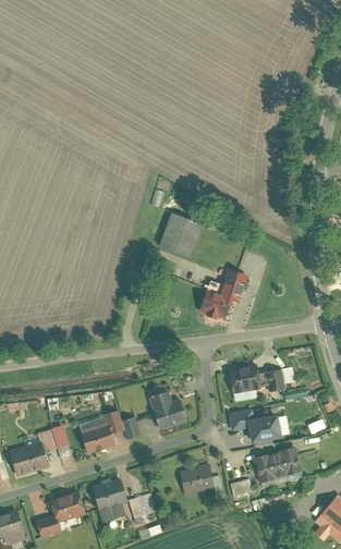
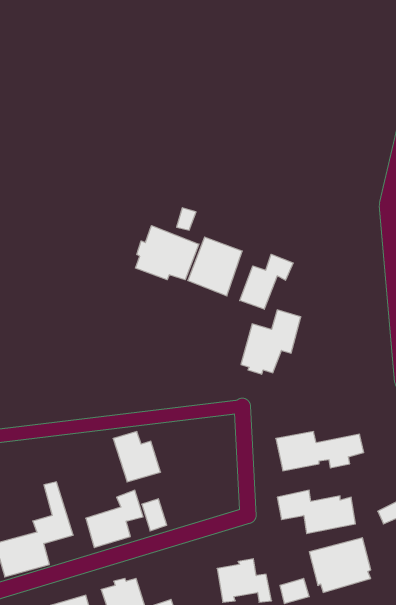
building: none -> [136,226,199,280]
building: none -> [240,254,293,309]
building: [149,391,186,430] -> [113,432,161,482]

